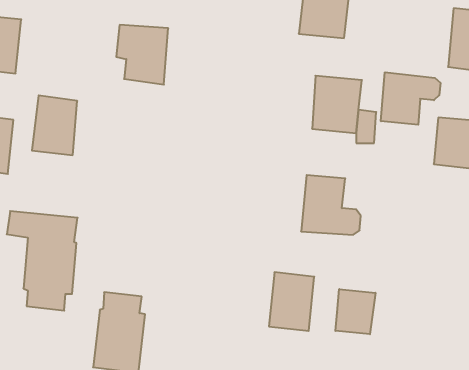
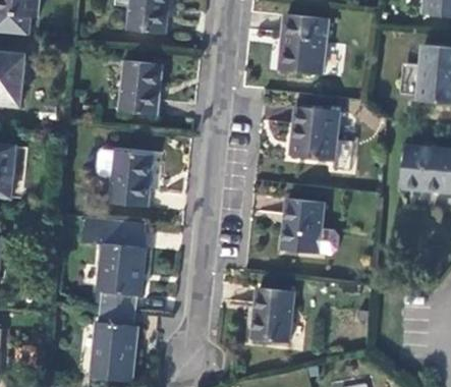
building: [381,72,440,125] -> none
building: [32,95,77,155] -> [109,151,151,206]
building: [7,211,78,311] -> [82,219,148,311]
building: [335,289,375,334] -> none

